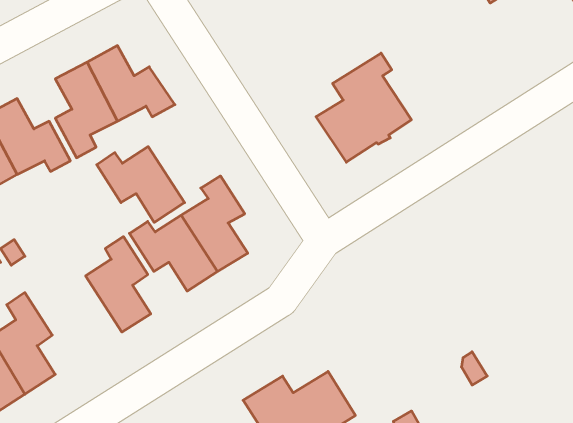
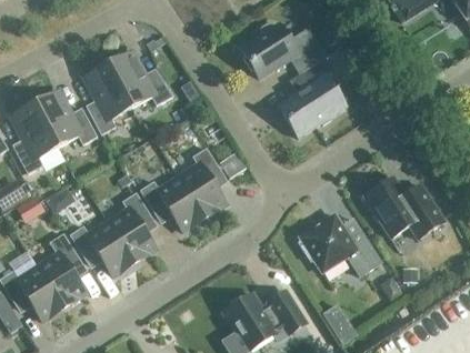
building: none -> [240,23,326,79]
building: [97,147,185,222] -> [70,221,134,276]
building: none -> [363,176,444,239]
building: none -> [299,214,381,276]

